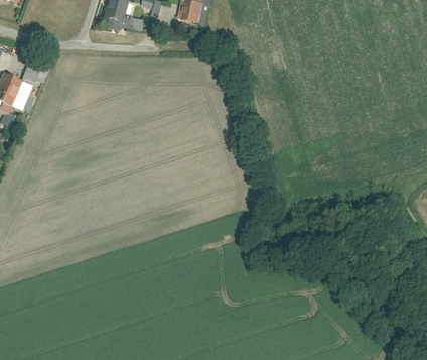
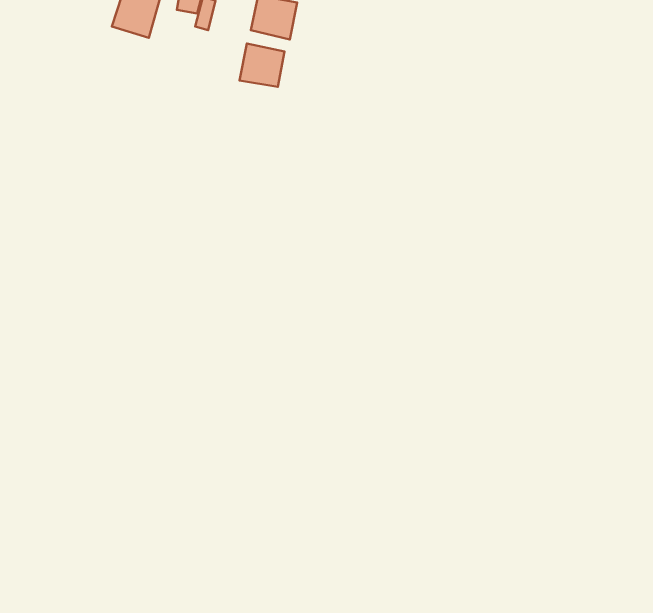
building: none -> [240,44,285,87]

